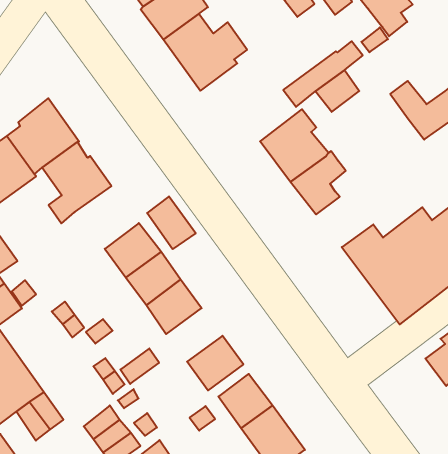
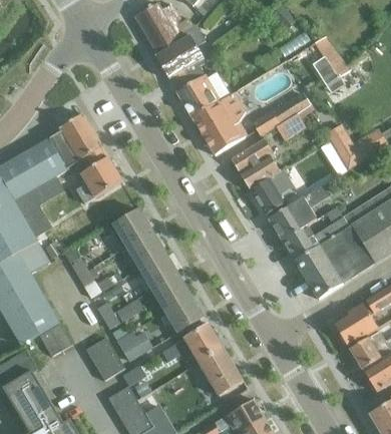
building: none -> [192,92,247,155]
building: none -> [270,185,329,240]
building: [147,196,196,249] -> none
building: none -> [151,274,191,311]

